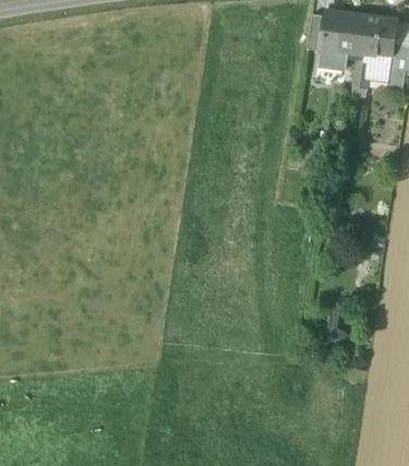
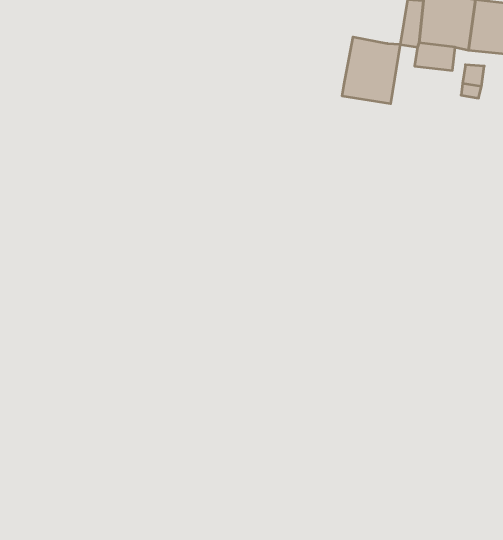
building: none -> [342,37,400,104]

